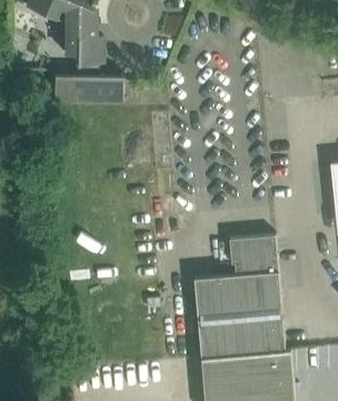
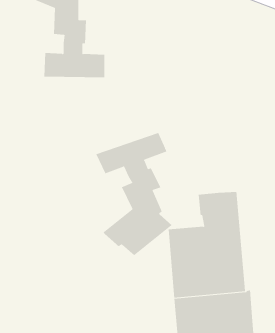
building: none -> [95,132,173,256]

